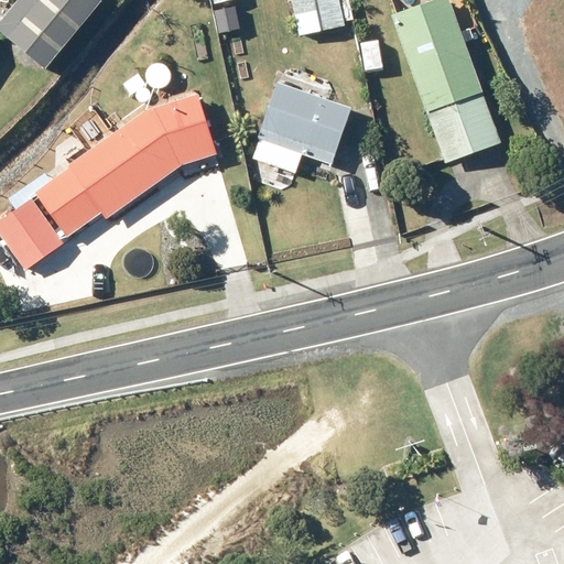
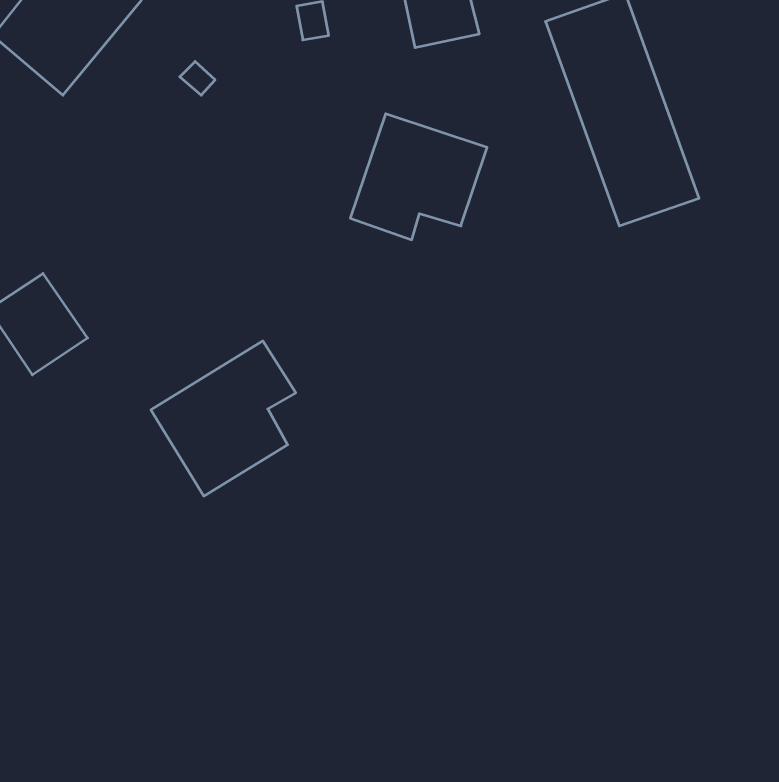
building: [33,94,214,236] -> none
building: none -> [151,341,296,496]

